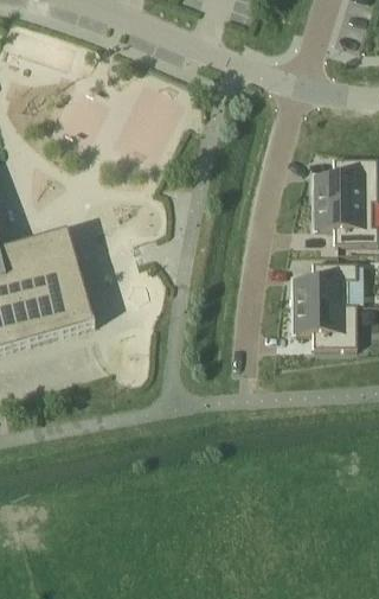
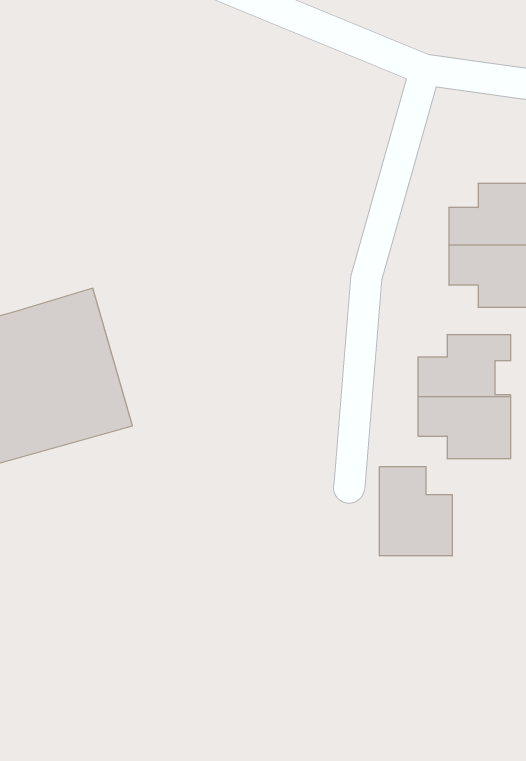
building: none -> [380,467,452,556]

